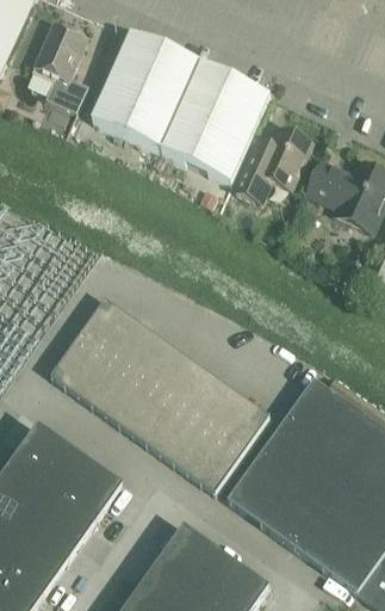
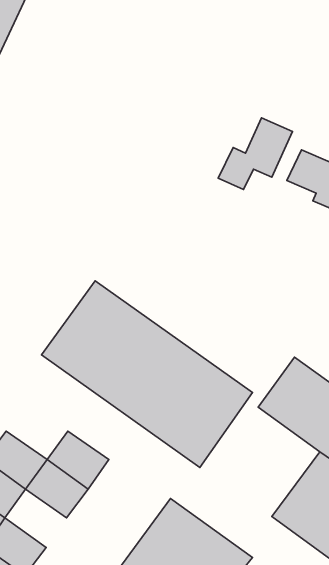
building: [33,25,87,111] -> none
building: [91,33,269,184] -> none
building: [12,425,76,486] -> none
building: [226,431,340,545] -> none
building: [11,517,75,578] -> none

